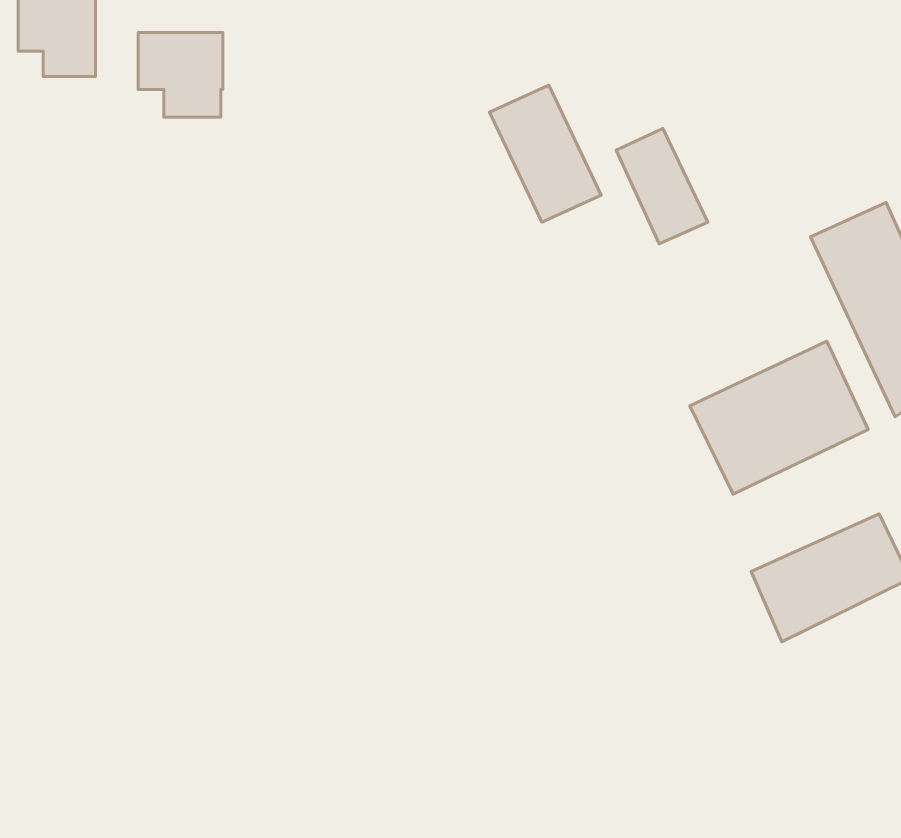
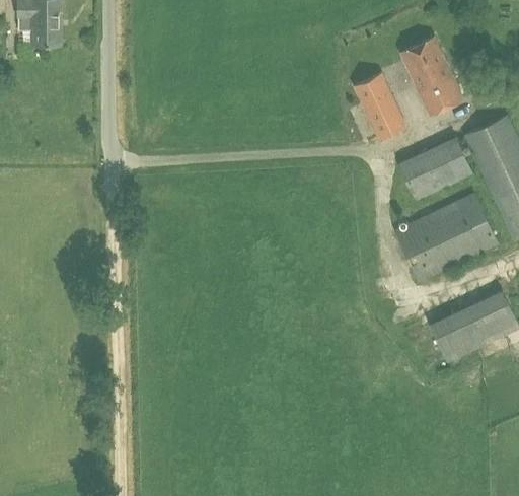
building: [138,32,223,117] -> none
building: [489,85,601,222] -> [399,38,462,115]
building: none -> [398,135,473,200]

